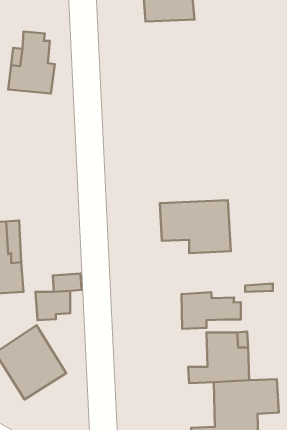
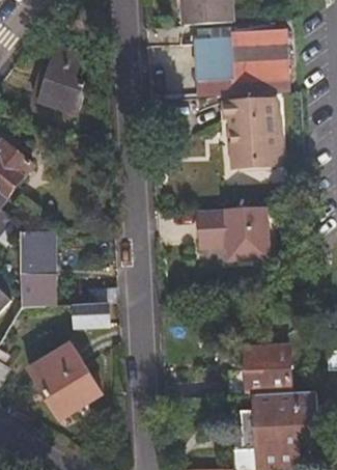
building: none -> [192,28,287,85]
building: none -> [221,103,279,169]
building: [182,292,241,329] -> none

